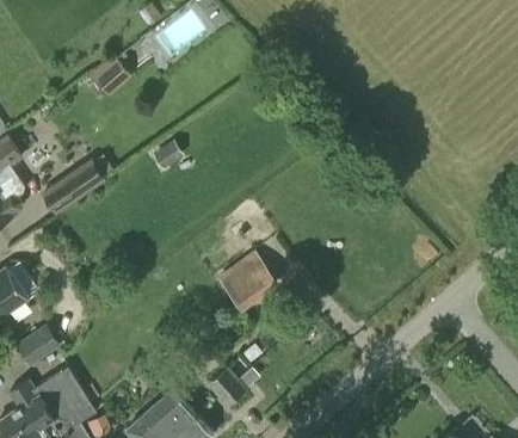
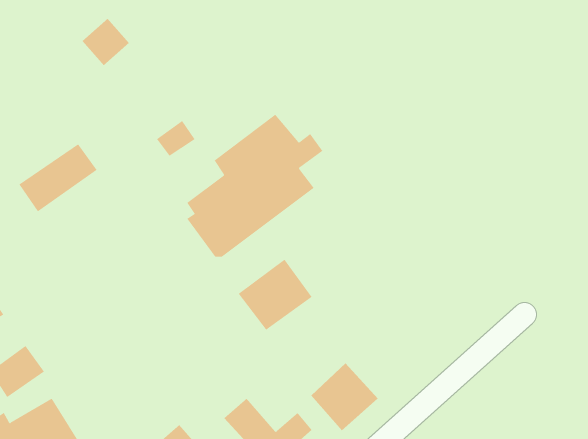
building: none -> [187,114,323,258]
building: none -> [310,363,378,431]

